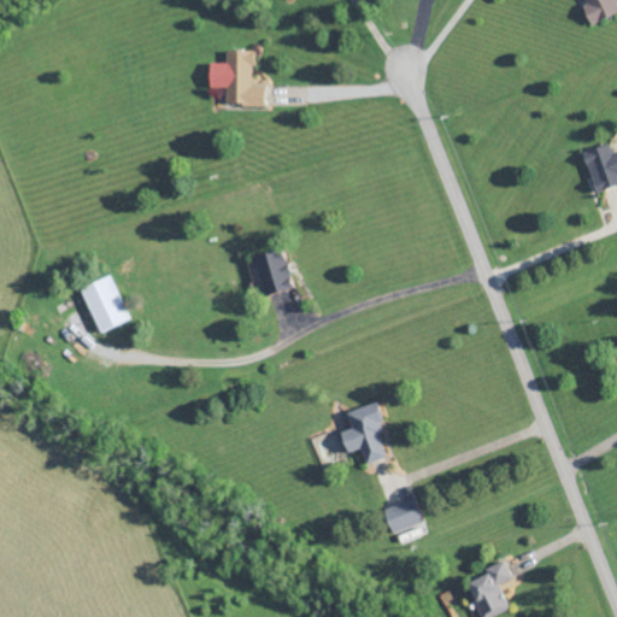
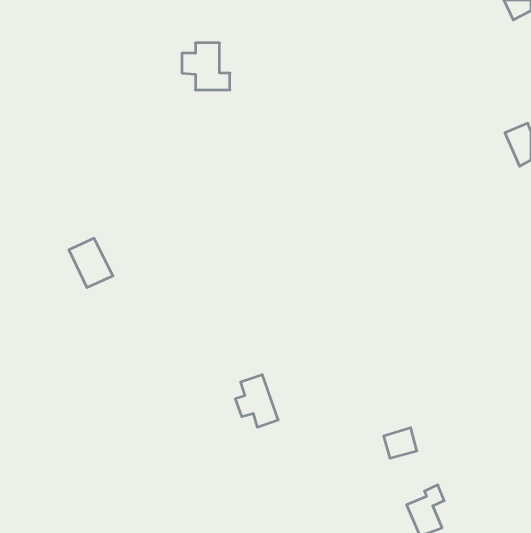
building: [253,248,293,296] -> none
building: [341,404,390,464] -> [235,375,278,427]
building: [384,498,423,533] -> [384,428,417,458]

